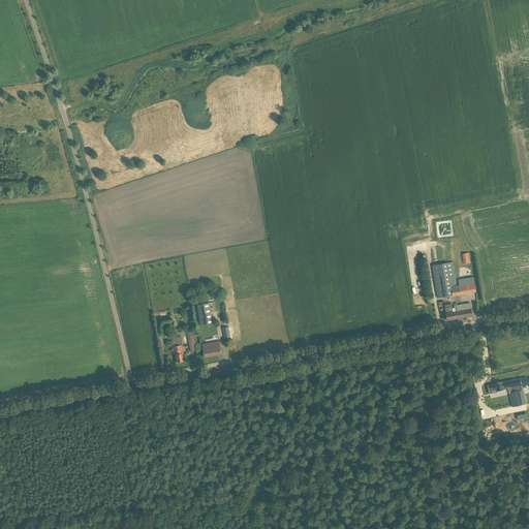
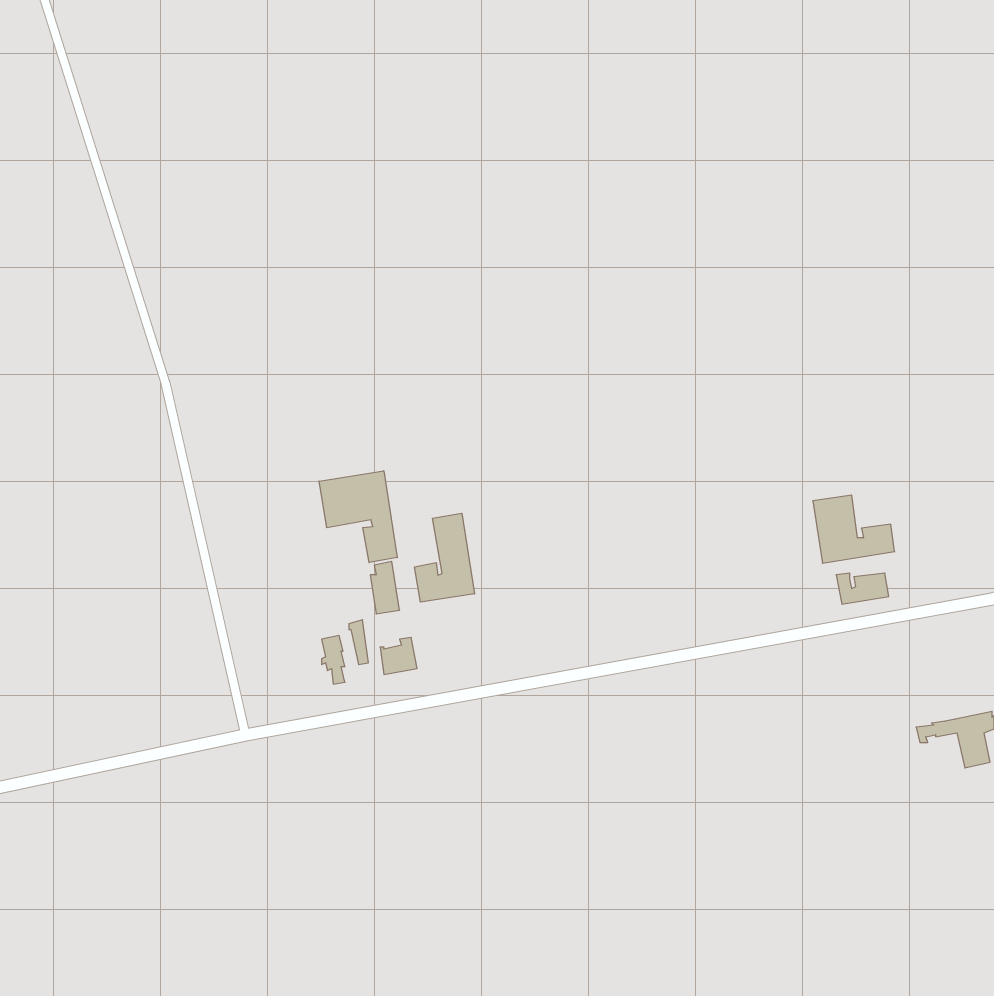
building: none -> [319,471,397,563]
building: none -> [415,513,475,602]

